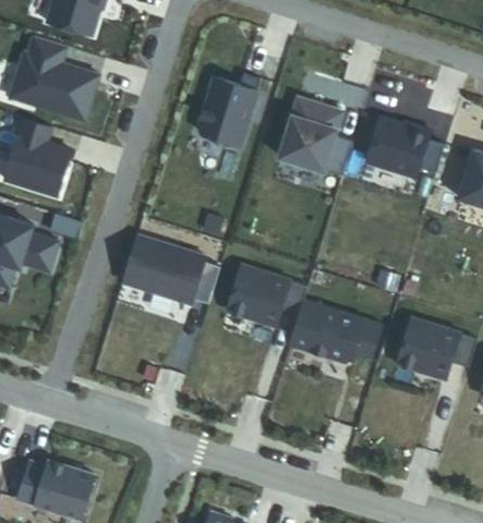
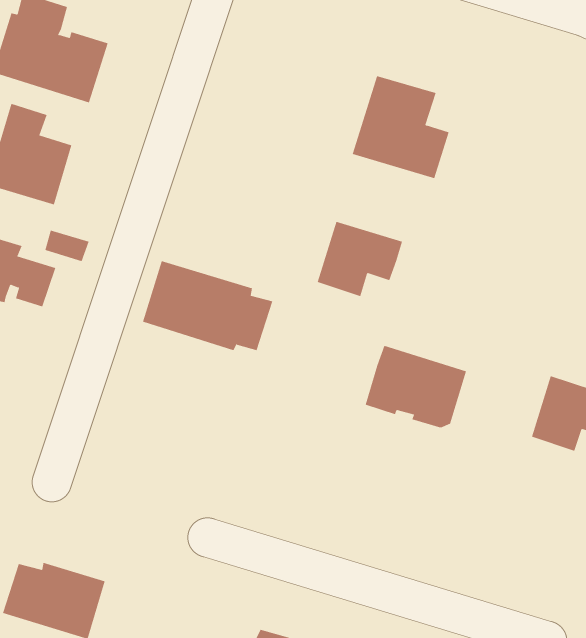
building: [197,74,259,146] -> none
building: [365,119,445,178] -> none
building: [243,270,307,327] -> [317,221,403,297]

